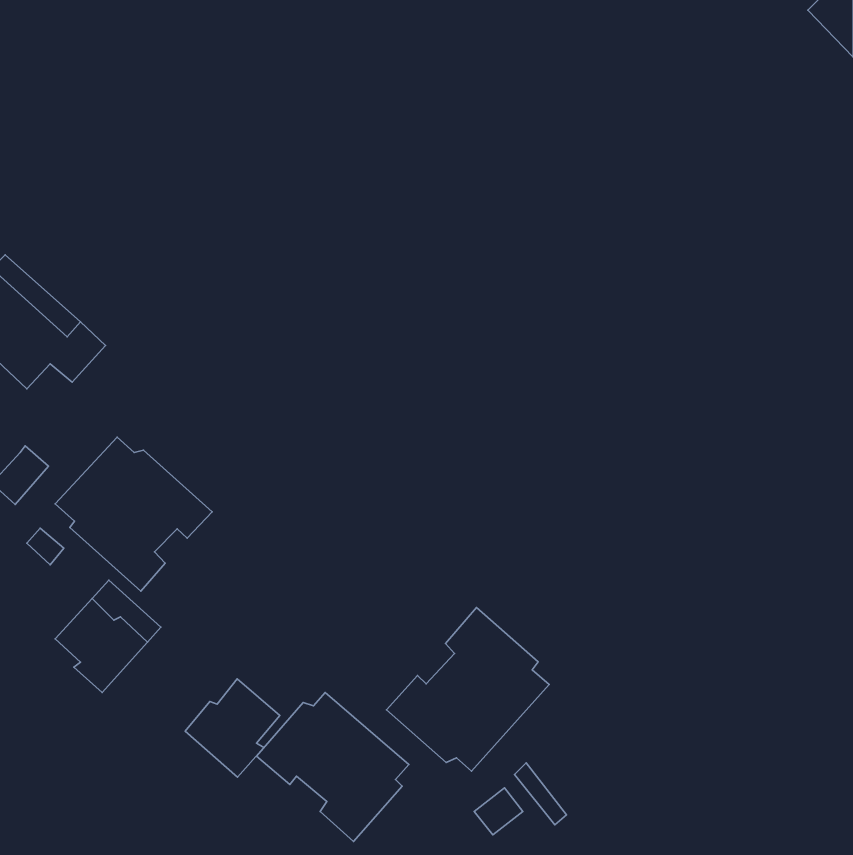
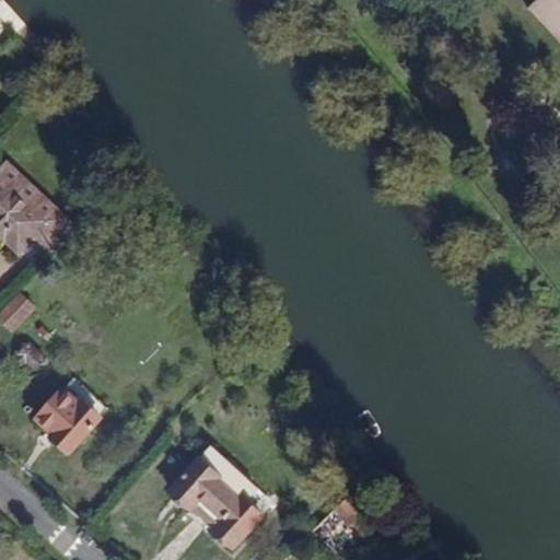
building: [55,437,212,591] -> none
building: [386,607,549,771] -> none
building: [185,679,280,777] -> none

